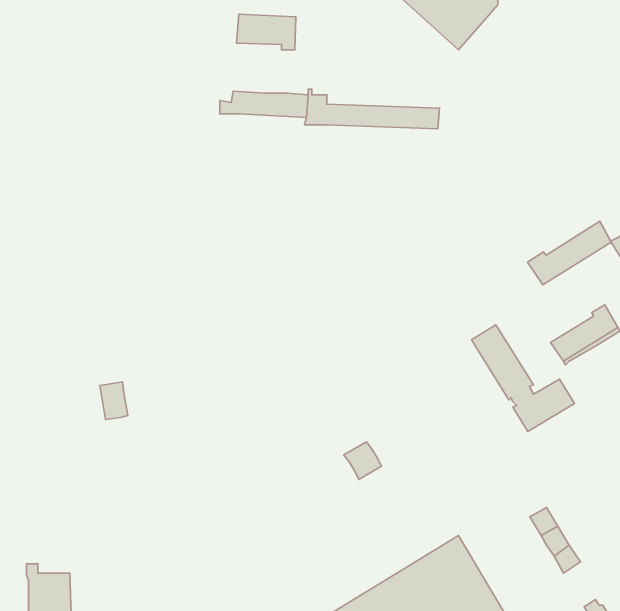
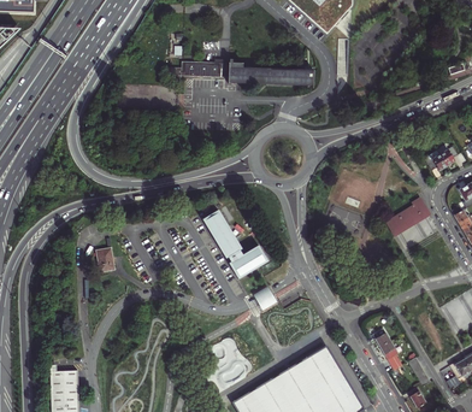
building: [237,14,296,50] -> none
building: [528,221,611,285] -> none
building: [471,325,575,432] -> [201,210,267,278]

